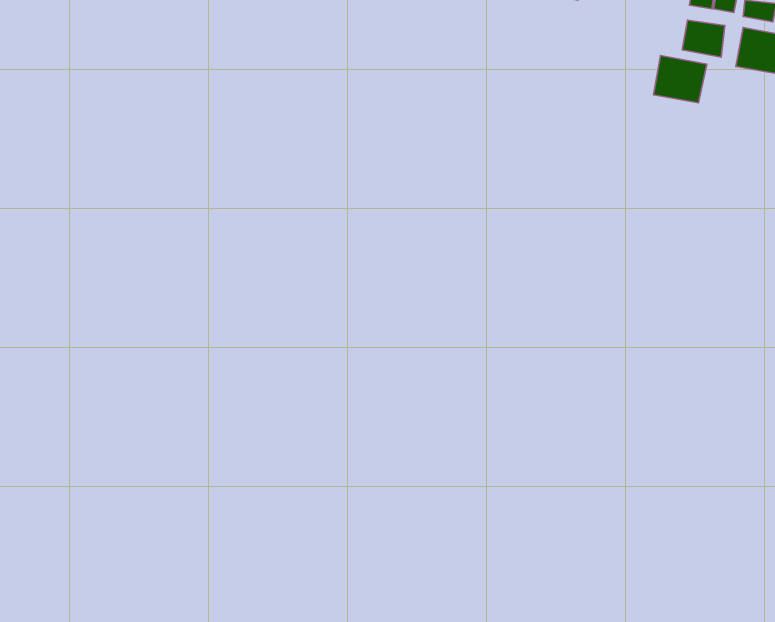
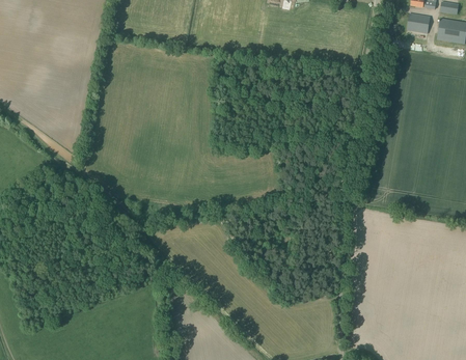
building: [654,56,707,103] -> none

